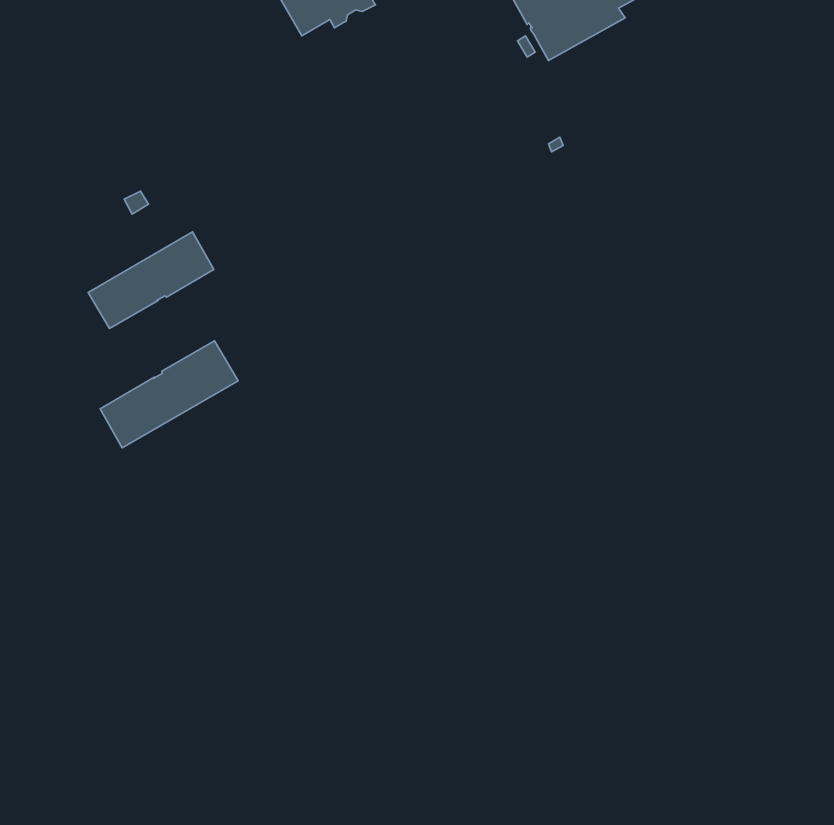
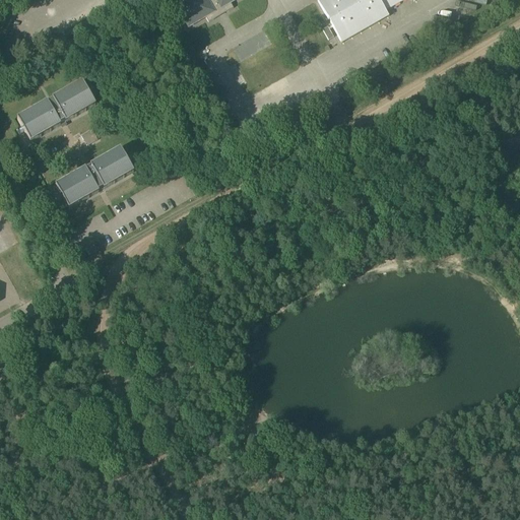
building: none -> [17,78,95,138]
building: [100,341,238,448] -> none

